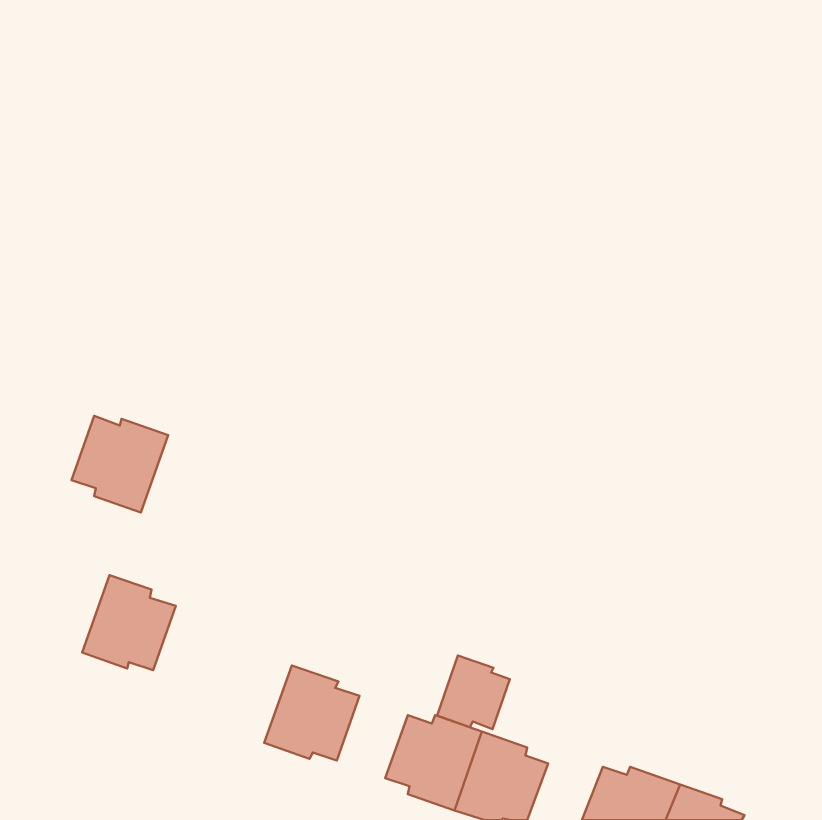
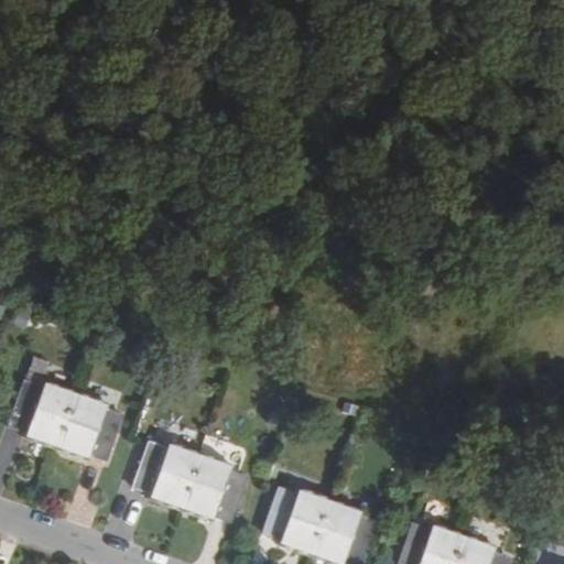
building: [71,416,168,512] -> [10,380,76,446]
building: none -> [134,442,200,508]
building: [437,655,510,729] -> none

